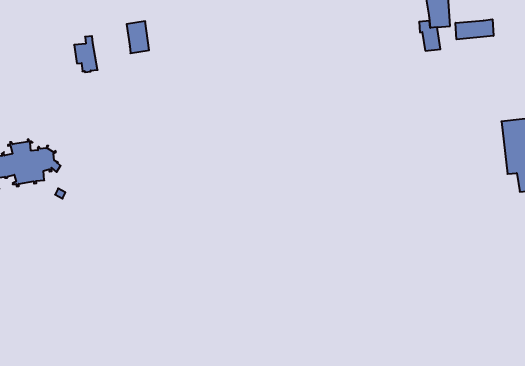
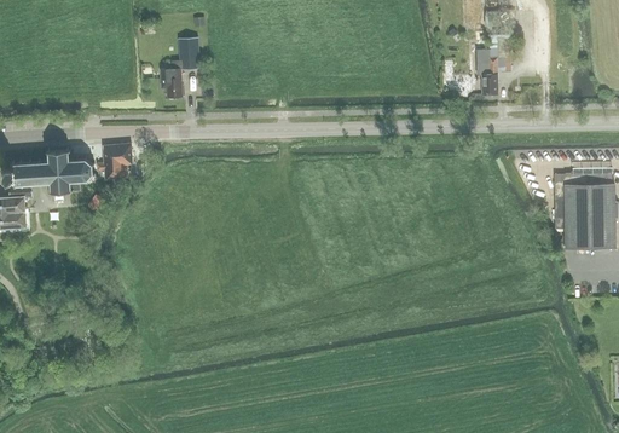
building: [456,19,493,39] -> none
building: [74,36,98,72] -> [161,63,183,99]
building: none -> [97,144,132,187]

